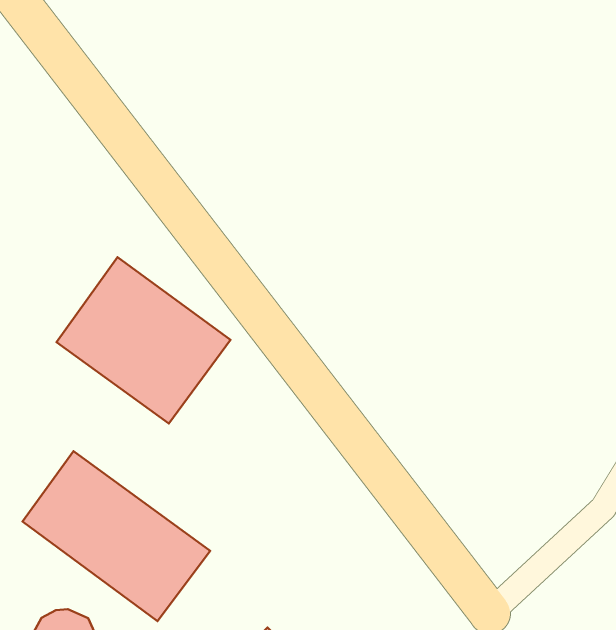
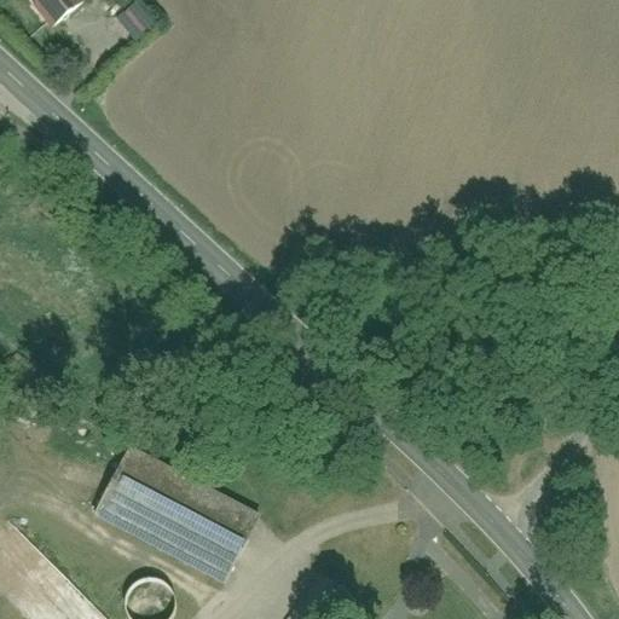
building: [56,257,230,423] -> none

